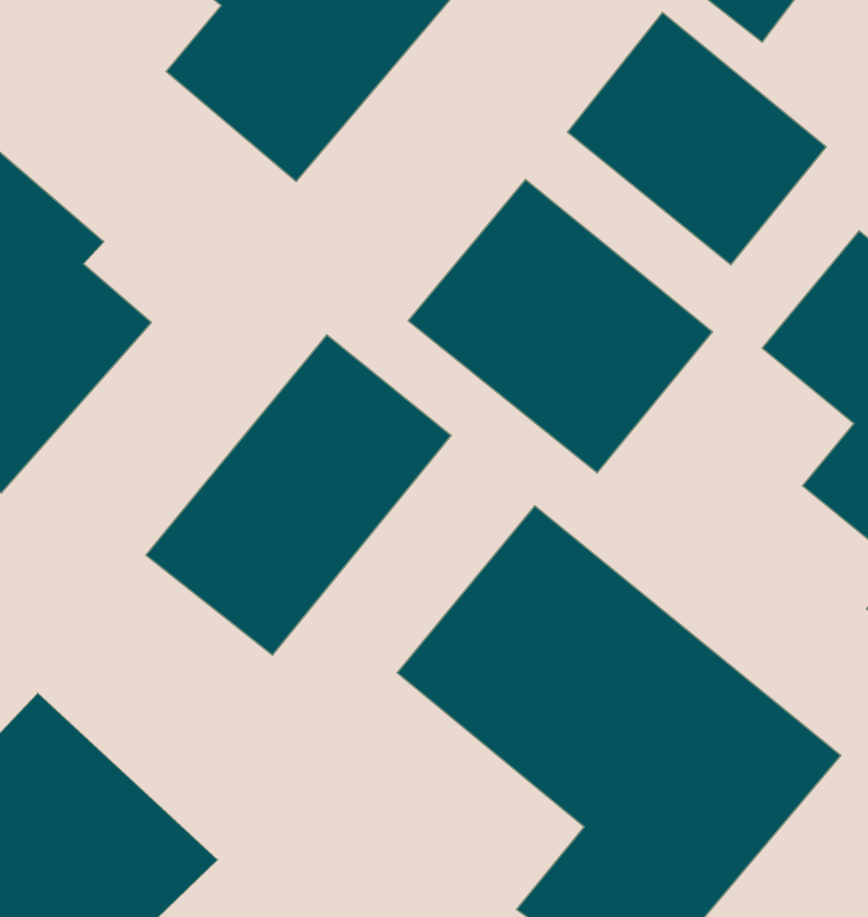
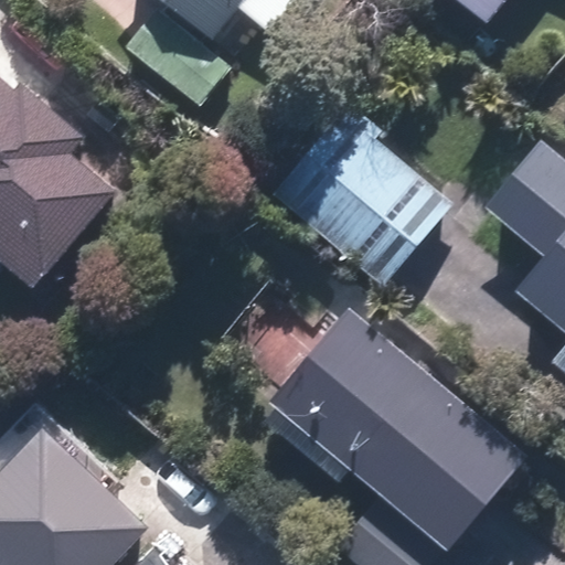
building: [568,13,826,265] -> none
building: [146,335,451,655] -> none

